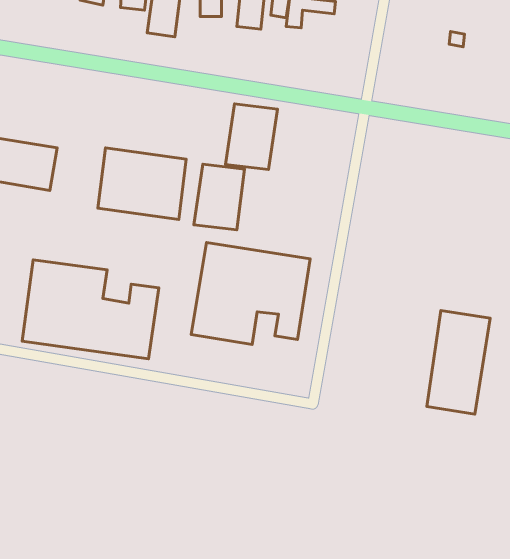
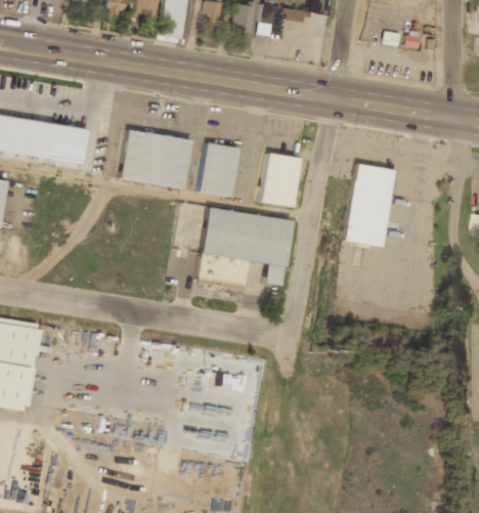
building: [226,104,277,170] -> [260,153,302,206]
building: [22,260,159,359] -> none
building: [427,311,490,414] -> [346,163,397,247]

